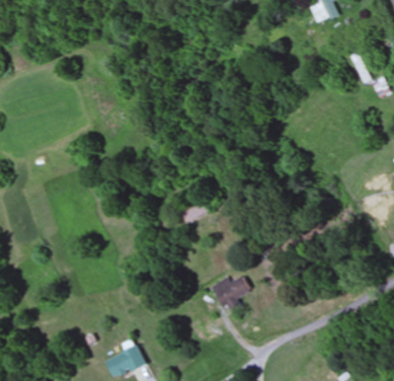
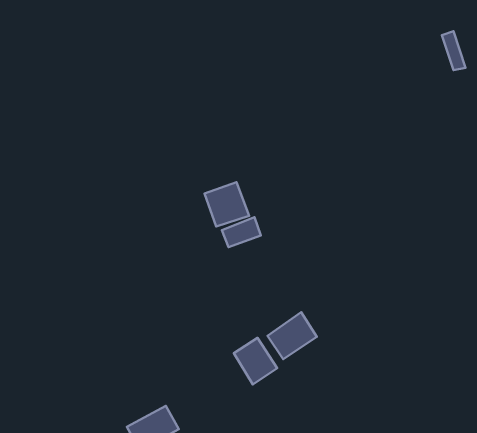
building: none -> [205,182,249,226]
building: none -> [234,338,277,385]

